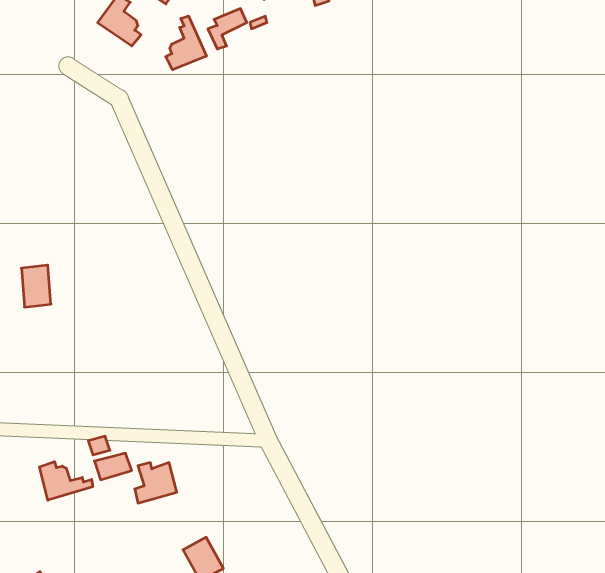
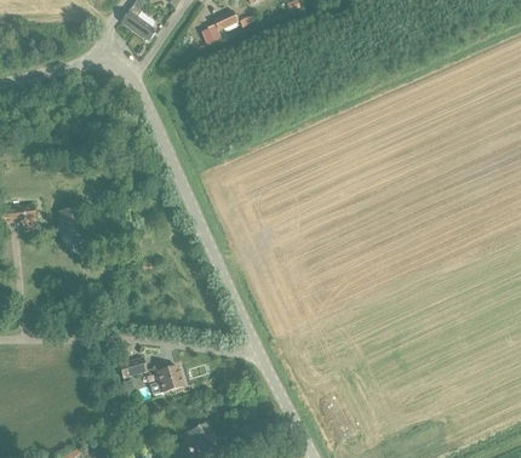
building: [166,16,206,70] -> none
building: [39,462,93,500] -> none

